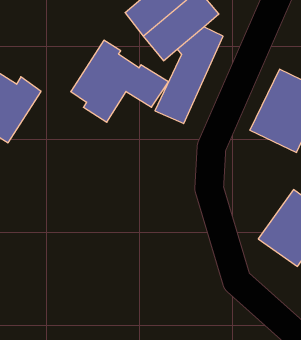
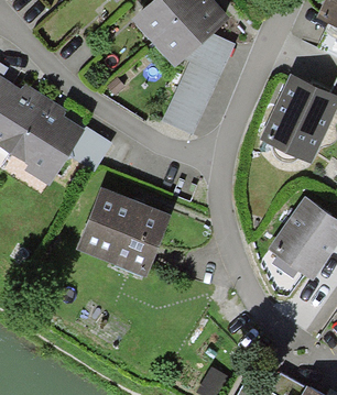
building: [71,40,169,122] -> [11,99,112,184]
building: none -> [78,189,170,276]

